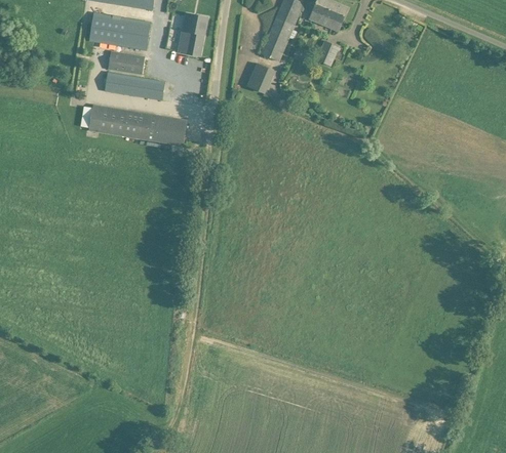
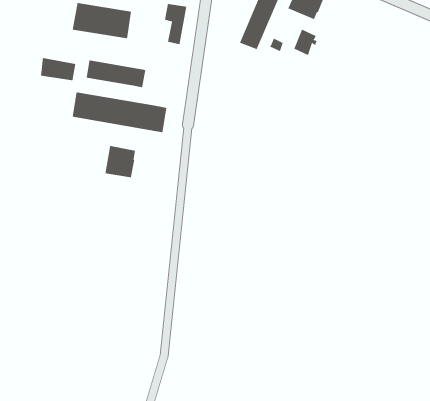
building: [108,51,145,75] -> [40,58,76,81]
building: [240,60,269,92] -> none
building: none -> [105,145,136,178]

